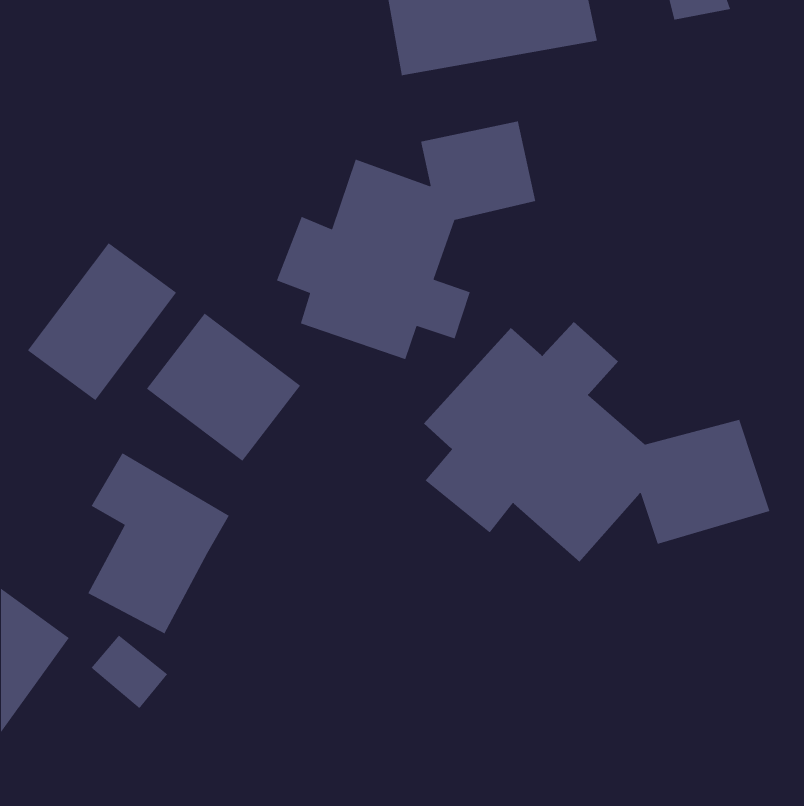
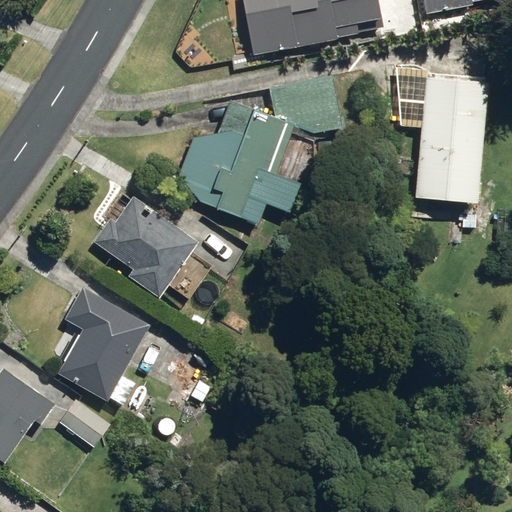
building: none -> [415,79,485,204]
building: [27,242,177,401] -> none
building: [423,321,771,563] -> none

